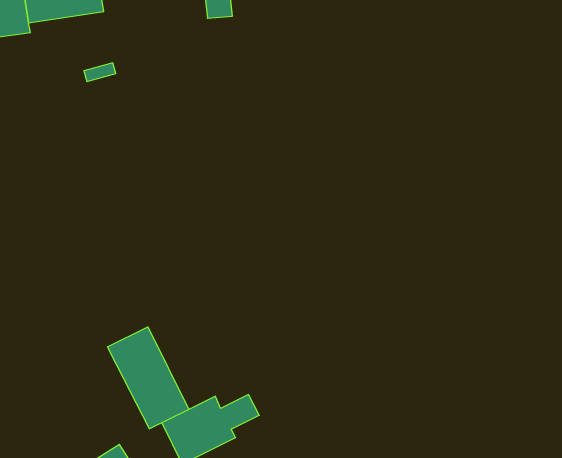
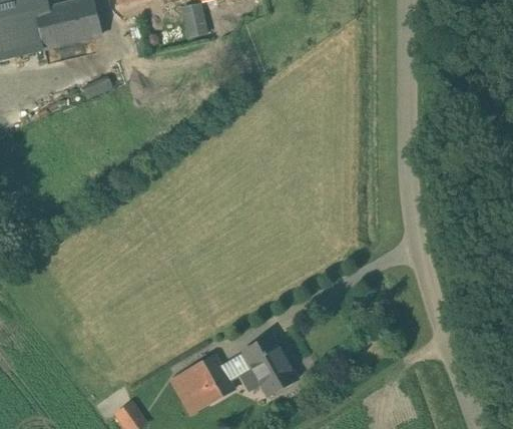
building: [108,327,189,429] -> none
building: none -> [241,337,296,397]

